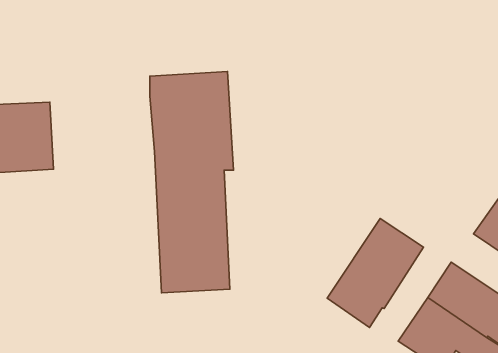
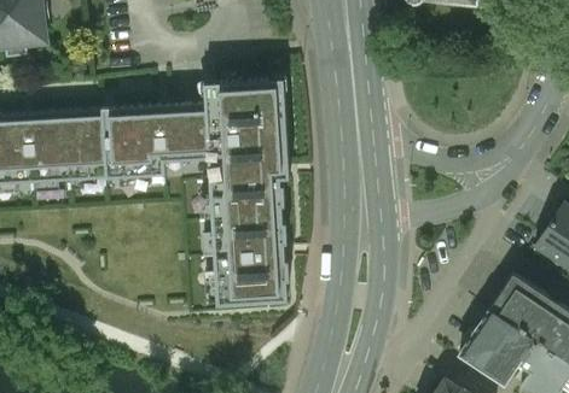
building: none -> [100,105,208,180]
building: [327,218,424,328] -> none

